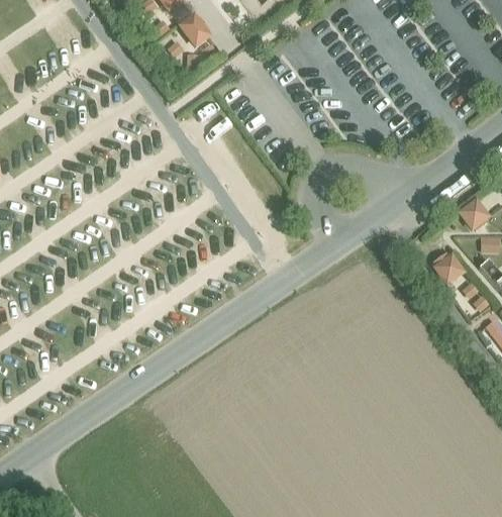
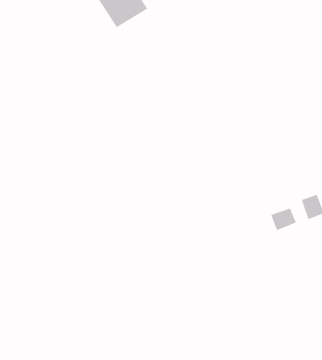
building: none -> [270,207,297,231]

